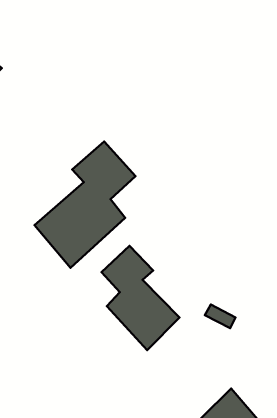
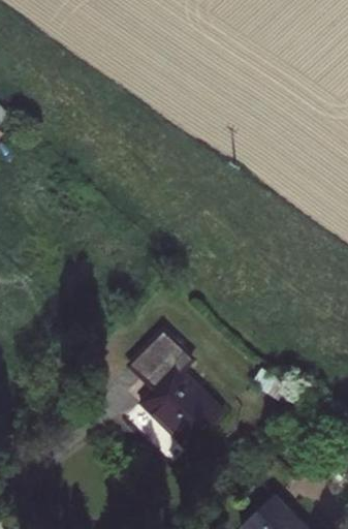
building: [34,141,135,268] -> none

